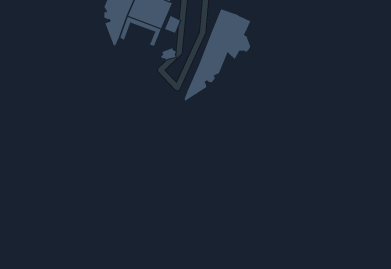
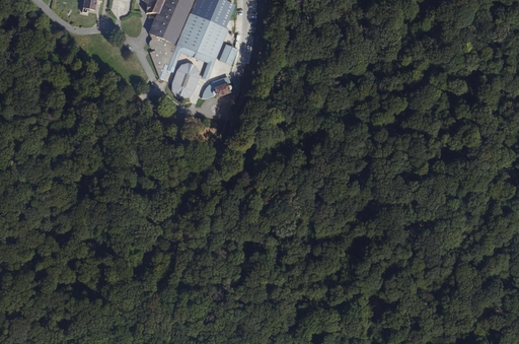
building: [184,8,251,101] -> none
building: none -> [171,61,200,97]

